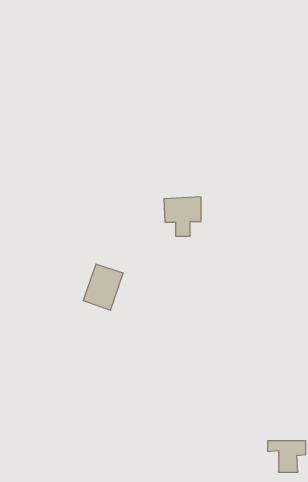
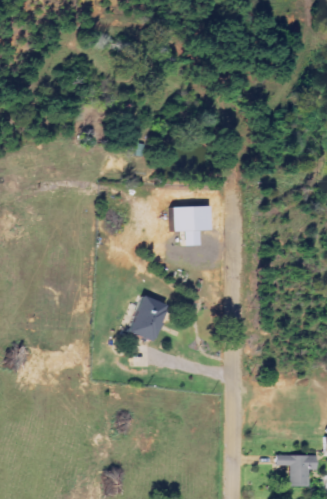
building: [83,264,123,310] -> [126,295,167,342]

